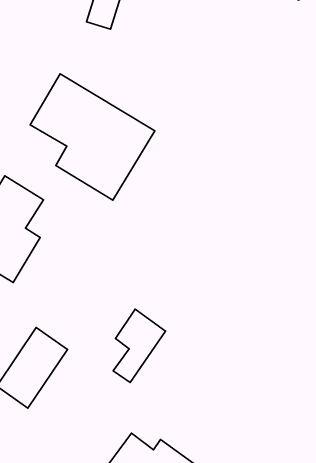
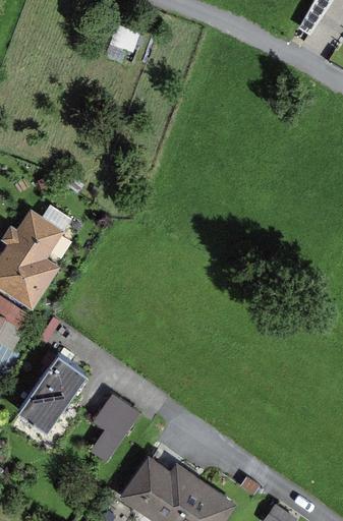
building: [30,74,155,200] -> none
building: [113,309,166,382] -> [90,393,140,464]

